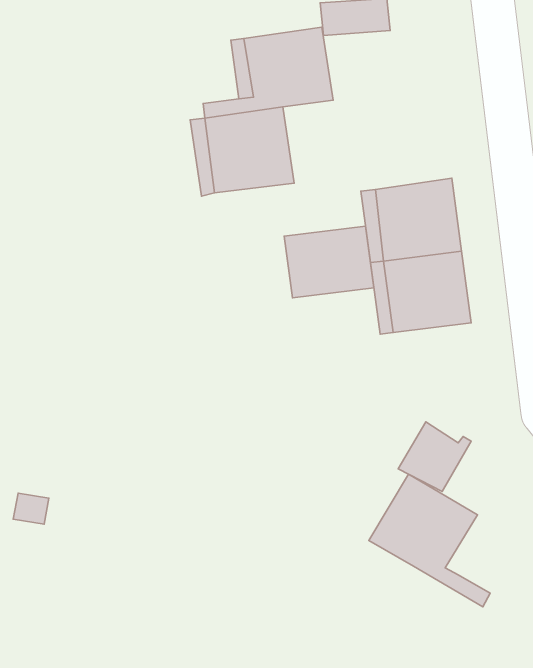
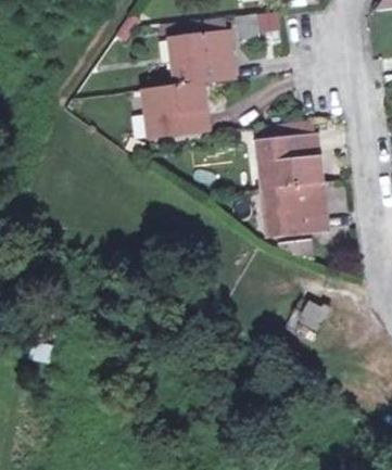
building: [284,226,374,298] -> none
building: [369,474,490,607] -> none

